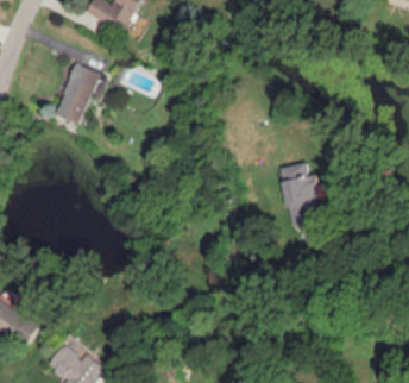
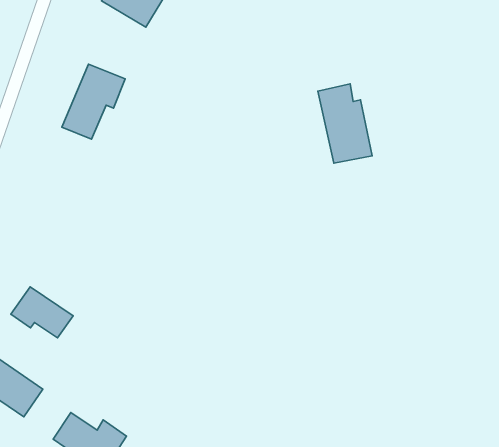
building: [279,161,323,225] -> [318,84,372,163]
building: none -> [11,287,73,338]

